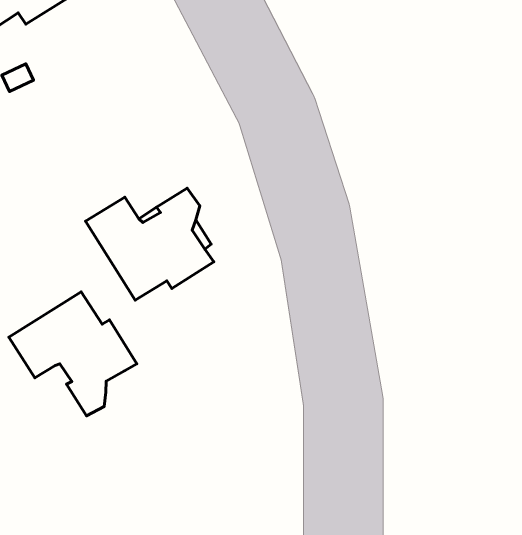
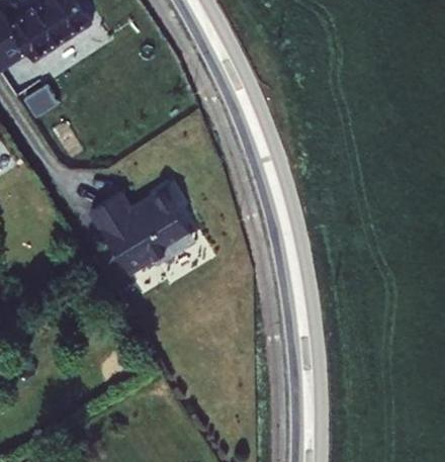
building: [9,292,137,416] -> none

